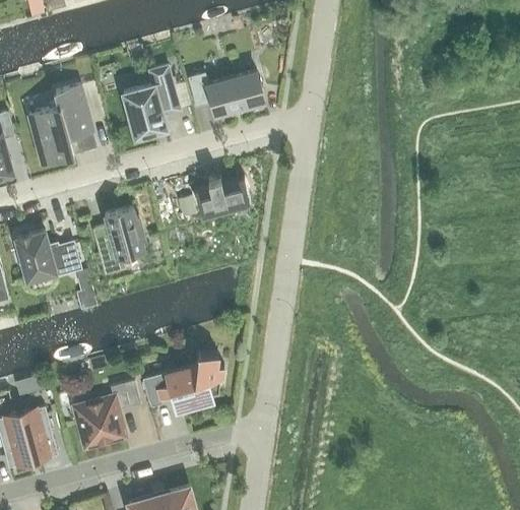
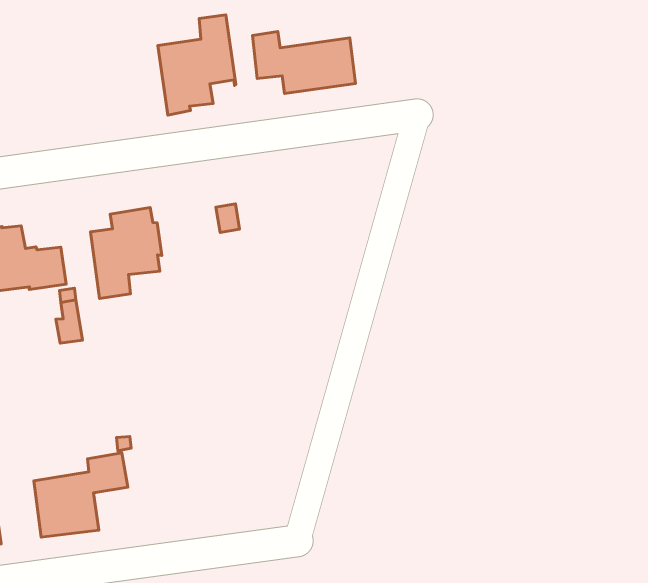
building: [28,85,92,163] -> none
building: [194,177,250,213] -> none
building: [142,353,223,420] -> none

